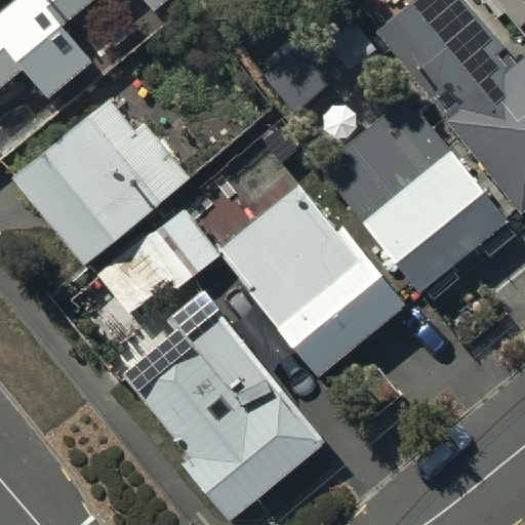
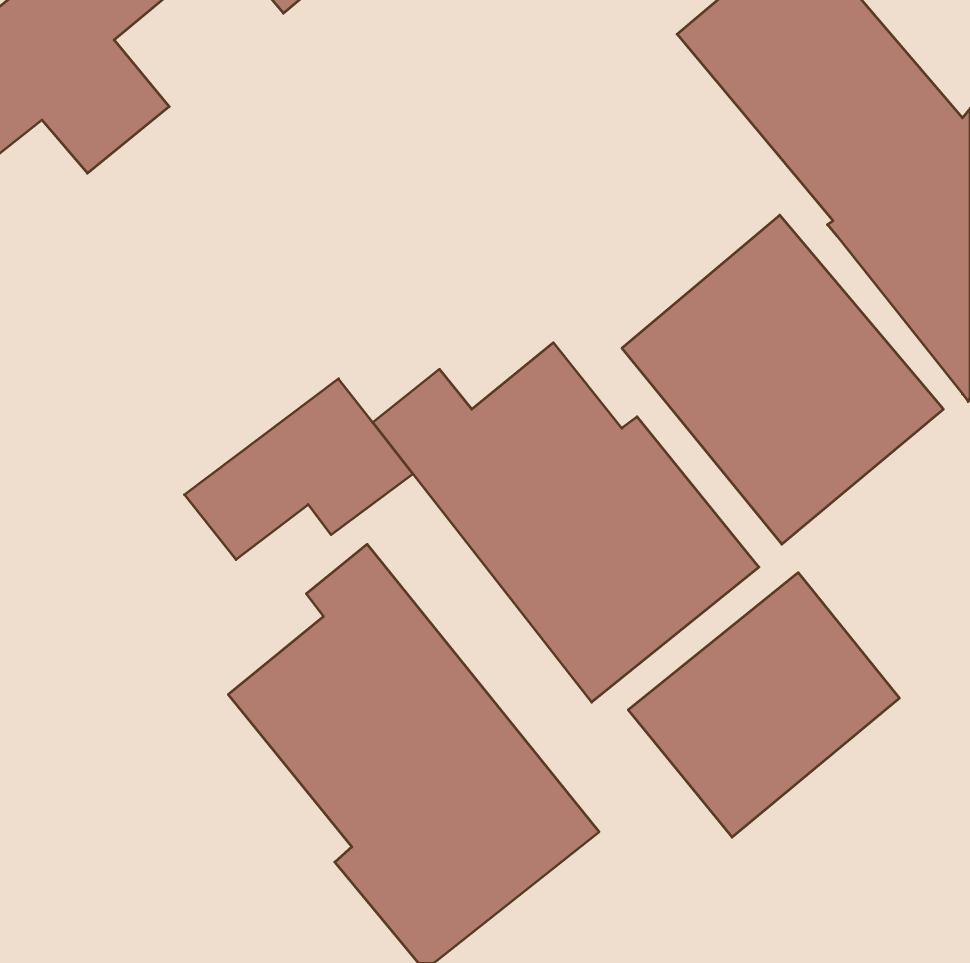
building: [12,97,195,270] -> none
building: none -> [628,573,899,837]

